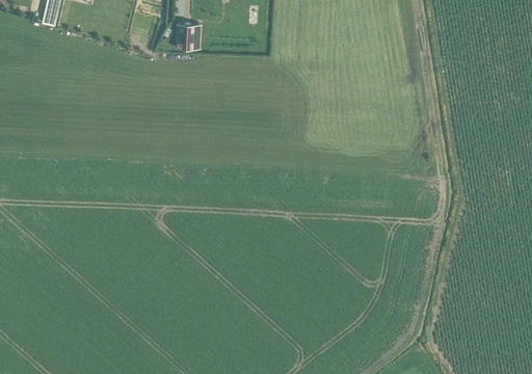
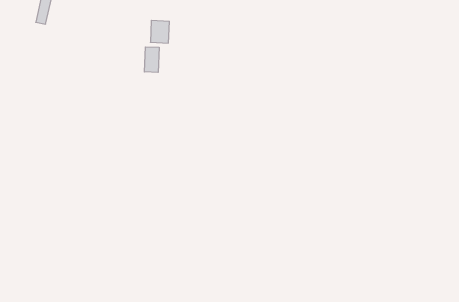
building: none -> [144,47,159,72]

